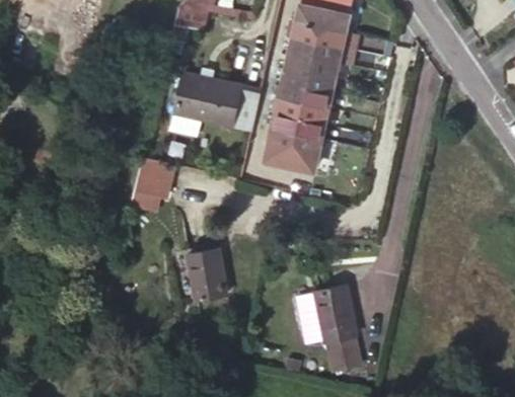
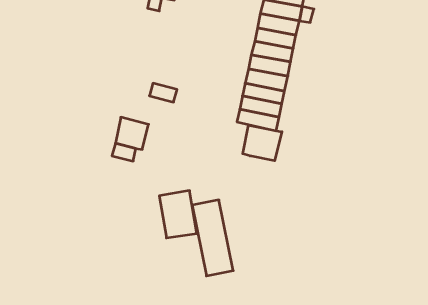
building: [171,71,261,130] -> none
building: none -> [243,125,282,161]
building: [312,283,359,369] -> [192,200,233,276]

